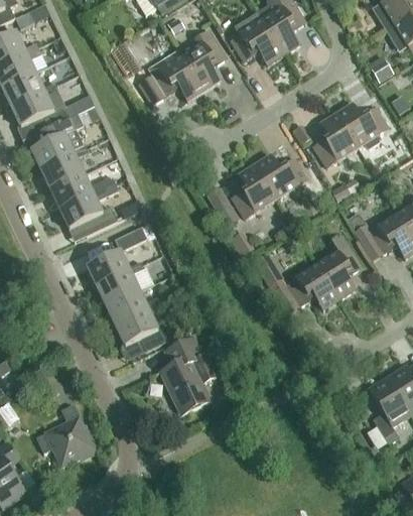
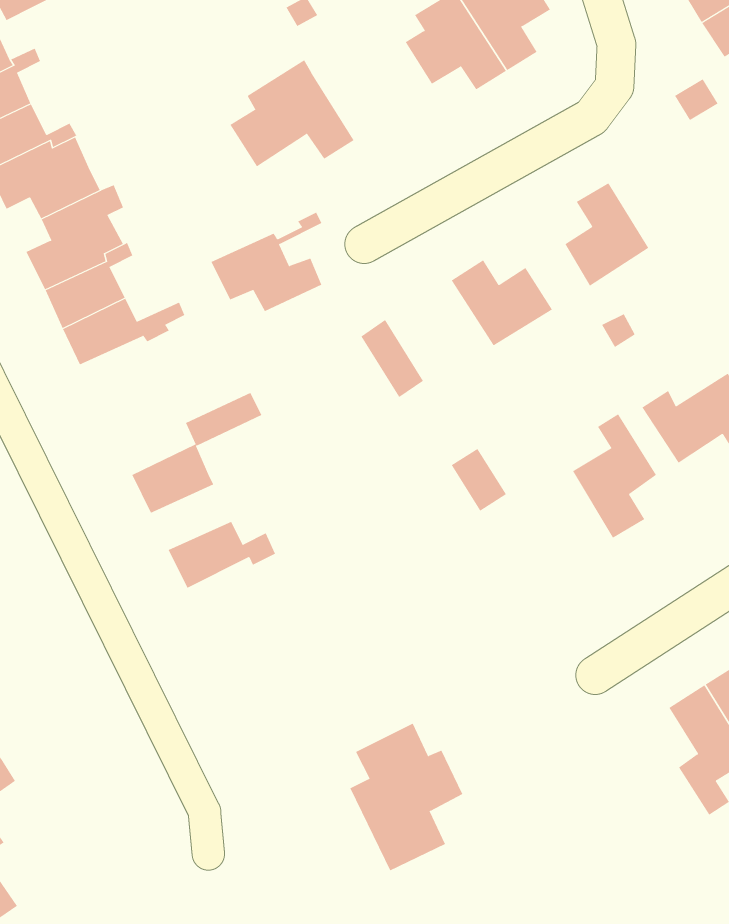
building: [181,29,227,91] -> none
building: [336,102,389,149] -> none
building: [232,164,276,219] -> none
building: [59,182,118,235] -> [211,212,322,312]
building: [97,261,144,305] -> none
building: [286,264,338,309] -> none
building: [116,309,171,351] -> none
building: [160,337,220,414] -> [350,723,463,871]
building: [36,404,98,467] -> none

